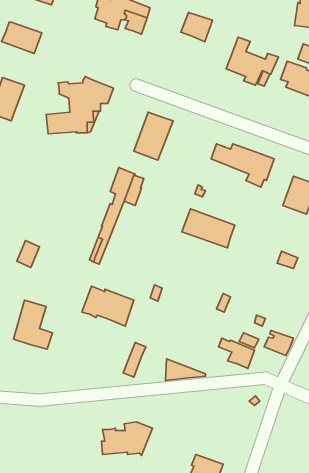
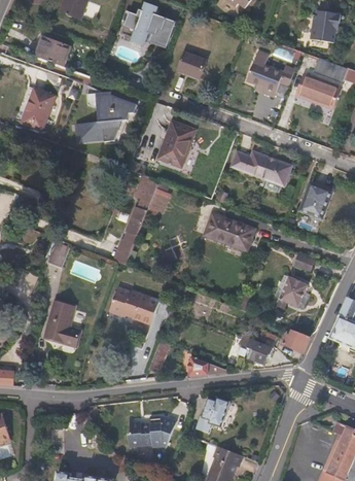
building: [181,12,212,42] -> [177,51,207,79]
building: none -> [275,274,309,312]
building: none -> [197,397,229,433]

